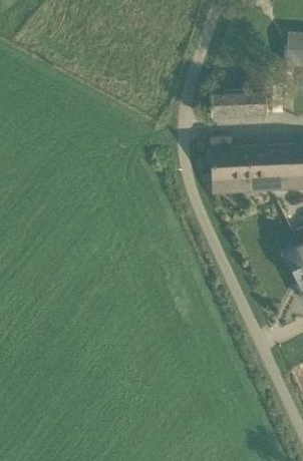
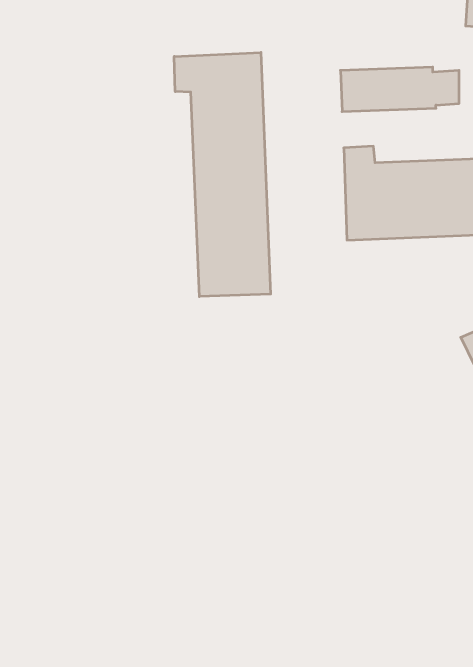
building: none -> [174,52,271,297]

